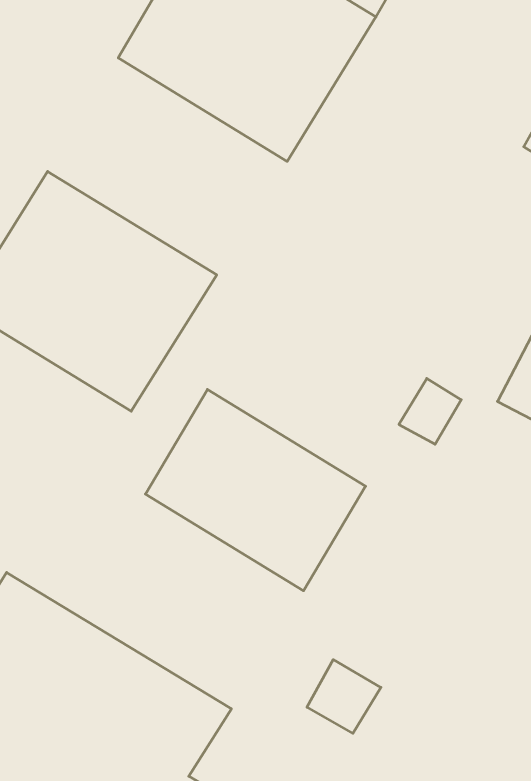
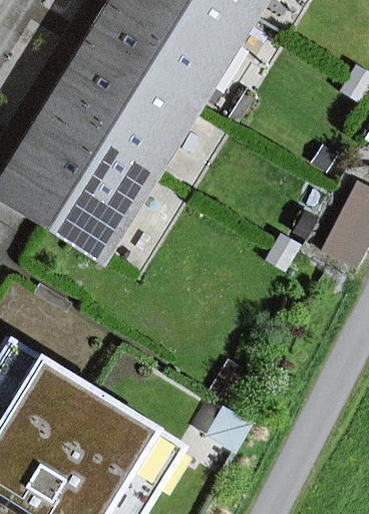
building: none -> [48,40,195,173]
building: [145,389,366,591] -> none

